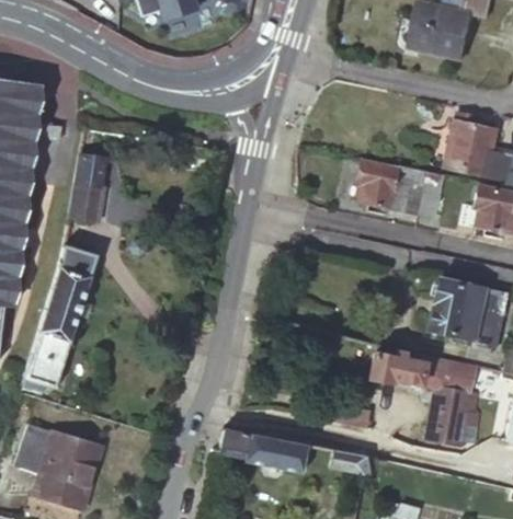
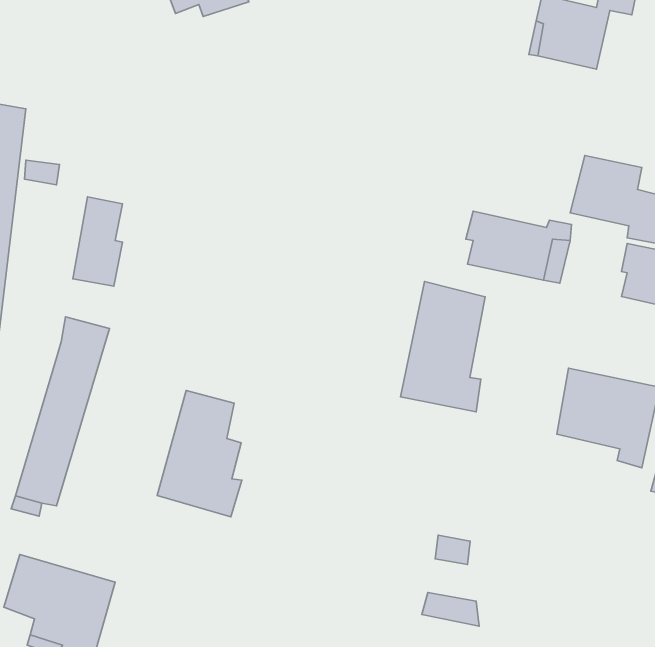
building: none -> [401,281,485,412]
building: none -> [157,391,242,517]
building: [369,350,476,447] -> none
building: [218,427,311,474] -> none

